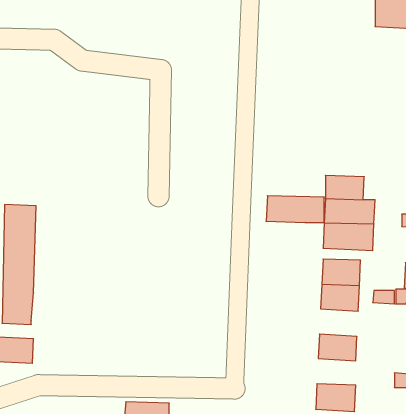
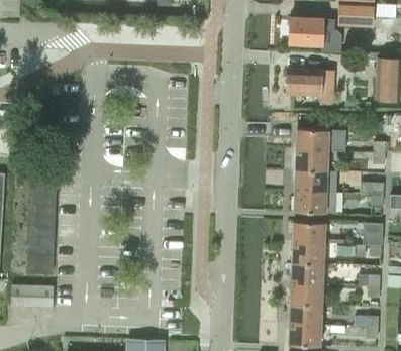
building: none -> [289,16,334,44]
building: none -> [288,68,323,95]
building: [266,196,324,222] -> [297,129,345,151]
building: none -> [292,261,324,284]
building: none -> [290,303,322,325]

